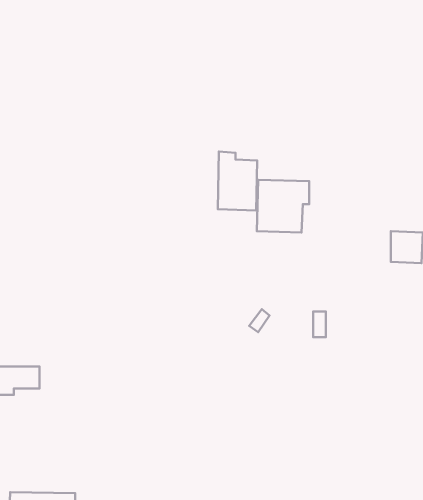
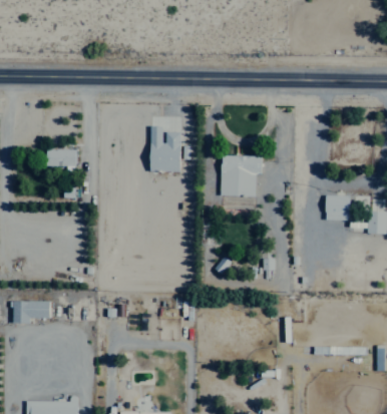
building: [218,152,257,211] -> [150,125,181,171]
building: none -> [47,148,76,165]

